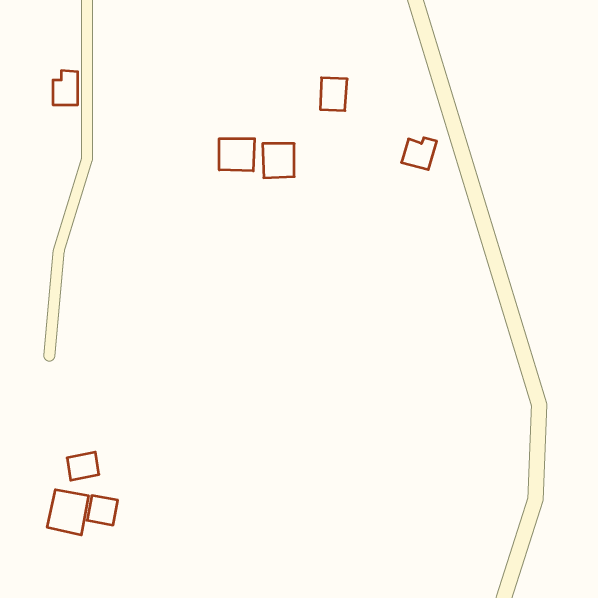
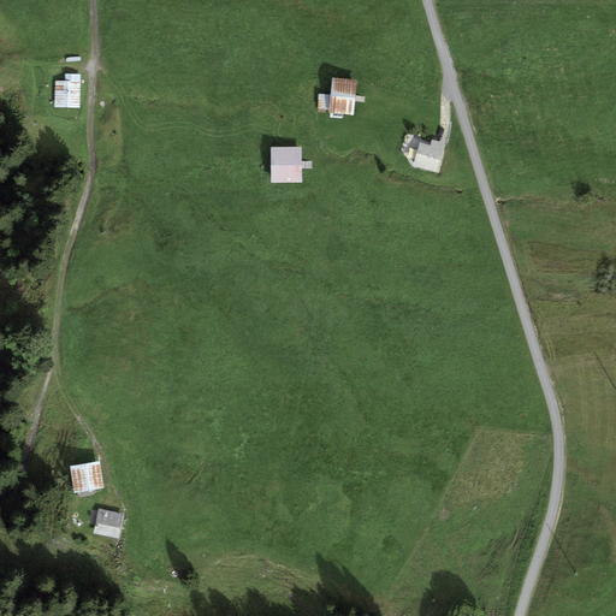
building: [219,139,255,171] -> none
building: [47,490,88,535] -> none

